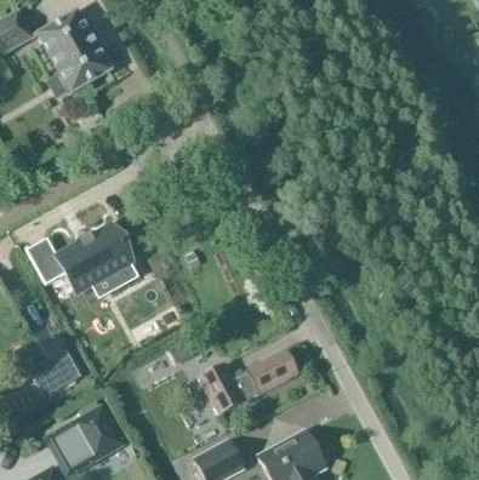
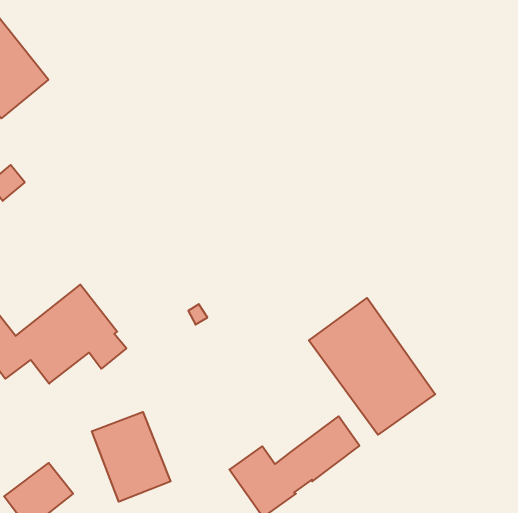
building: none -> [309,298,435,435]
building: none -> [92,412,171,502]

